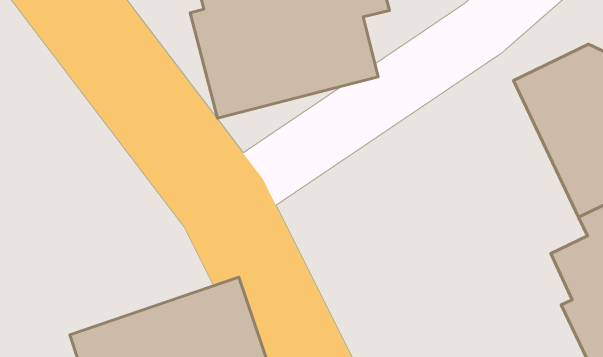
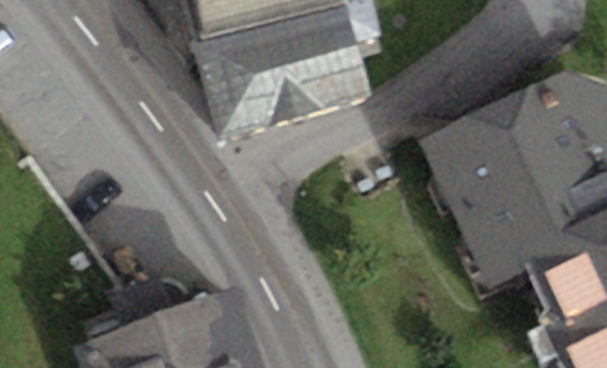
building: none -> [419,101,568,285]

